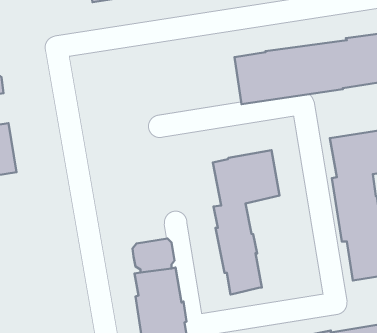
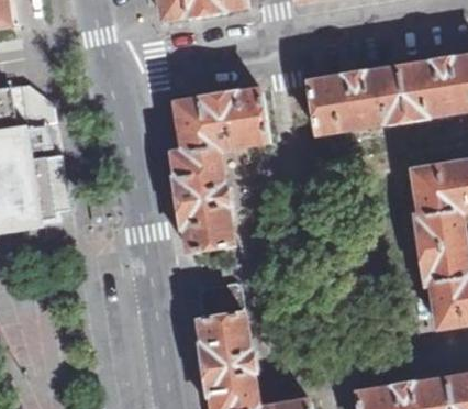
building: none -> [171,89,268,252]
building: [213,150,280,294] -> none

